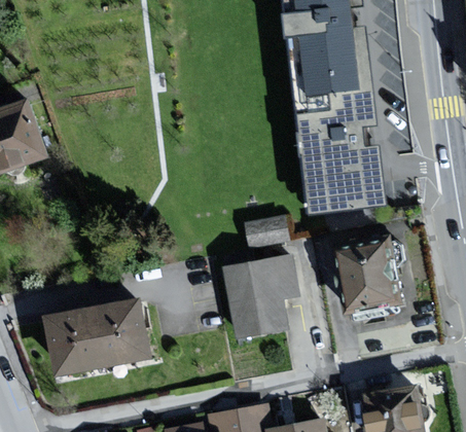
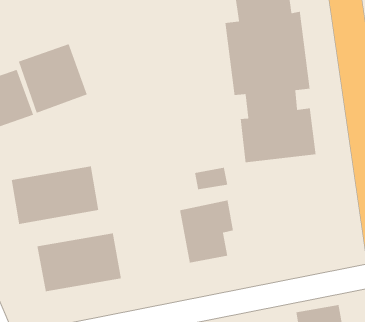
building: none -> [18,43,88,114]
building: none -> [11,165,99,225]
building: [347,240,401,303] -> none

